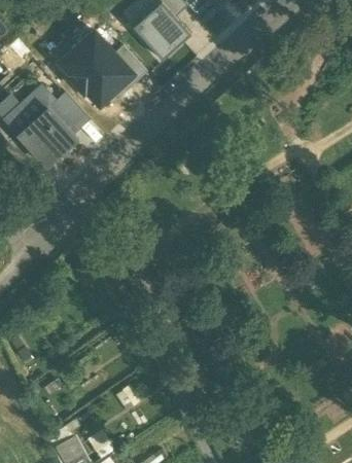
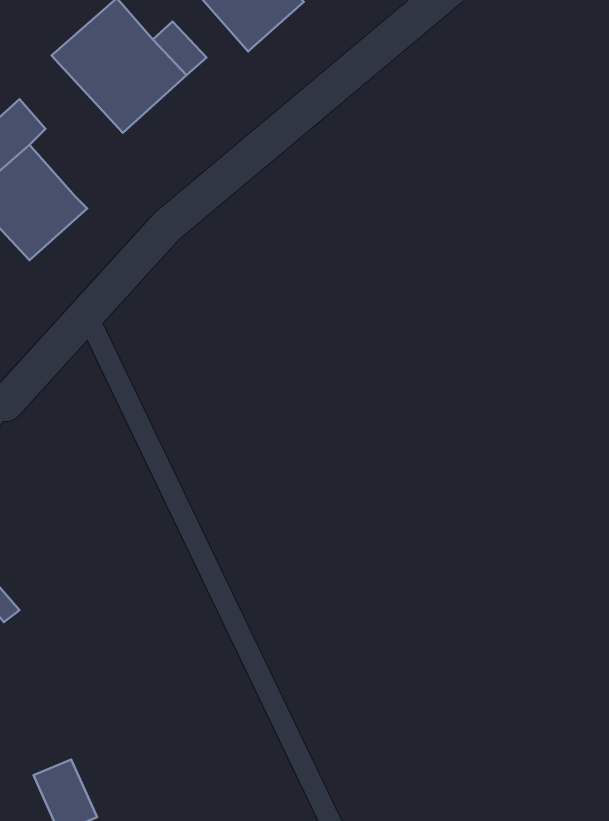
building: [47,93,89,136] -> none

